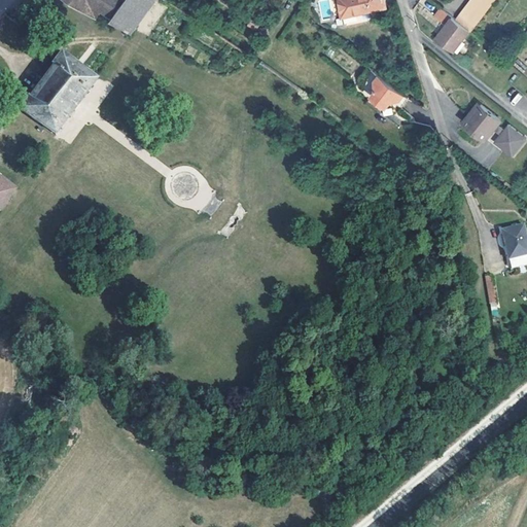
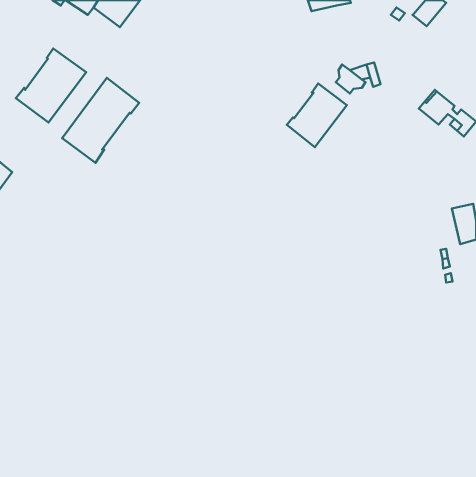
building: [434,15,468,50] -> none
building: none -> [62,78,139,163]
building: none -> [287,83,347,147]

